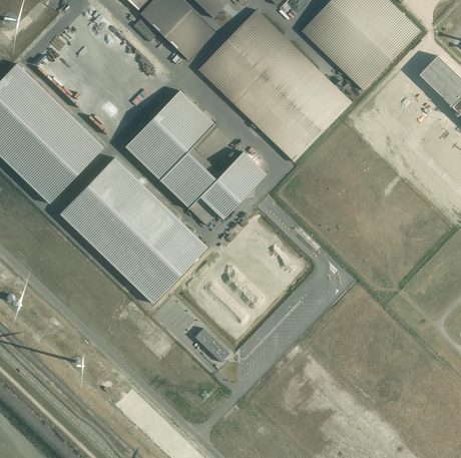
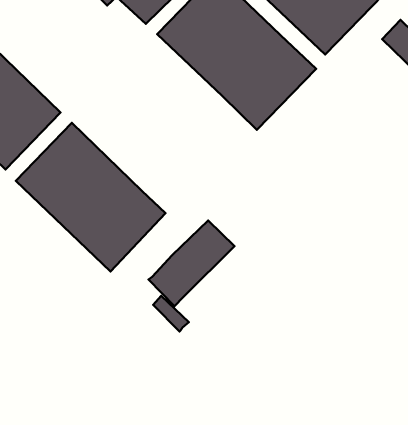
building: [124,89,266,224] -> none
building: none -> [148,221,234,306]

